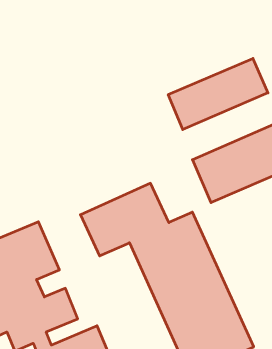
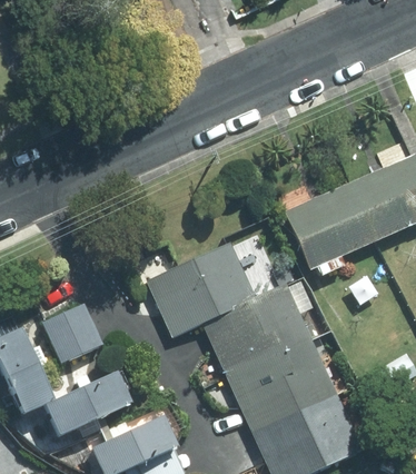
building: [168,58,268,130] -> none

